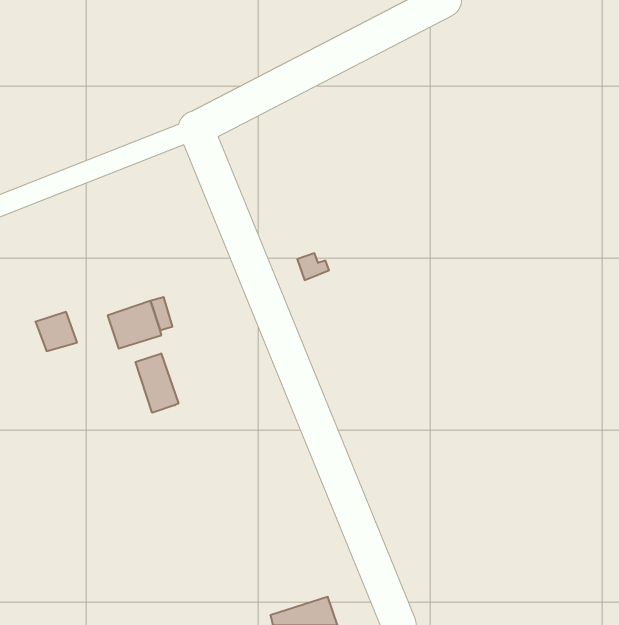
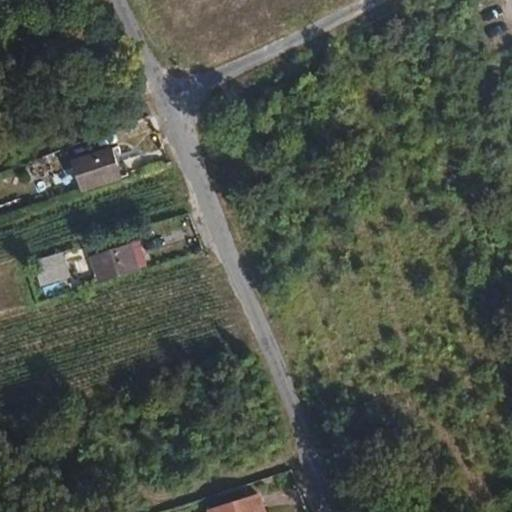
building: none -> [74,152,119,190]
building: [136,353,178,413] -> none

